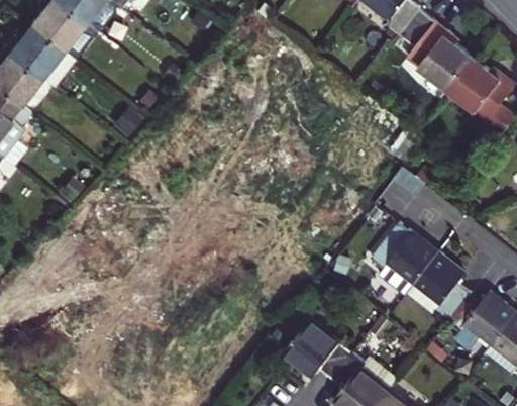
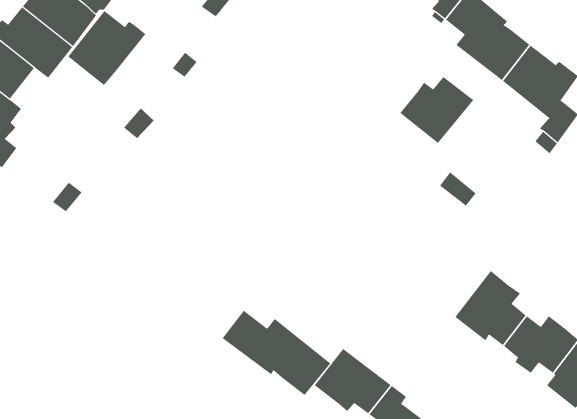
building: none -> [68,10,146,86]
building: none -> [399,76,474,144]
building: [372,223,438,293] -> none
building: none -> [222,310,331,396]

